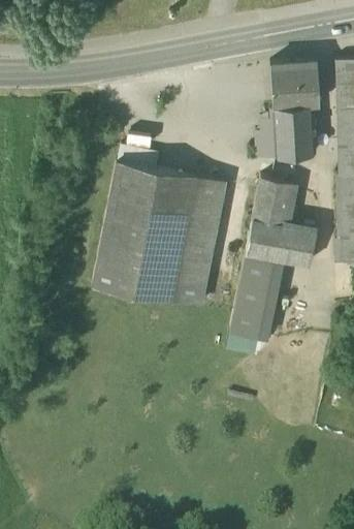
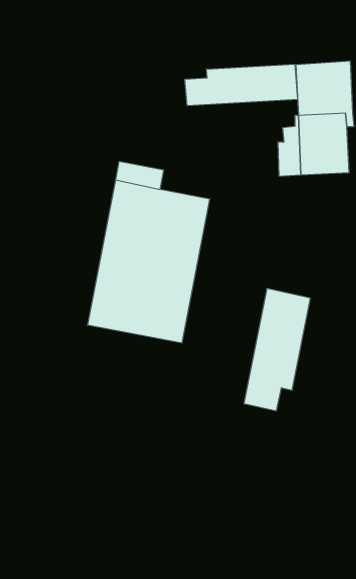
building: none -> [185,64,298,106]
building: [246,177,317,268] -> none
building: [173,178,226,306] -> none

